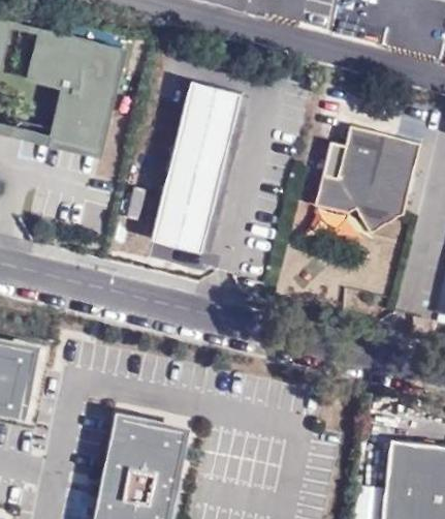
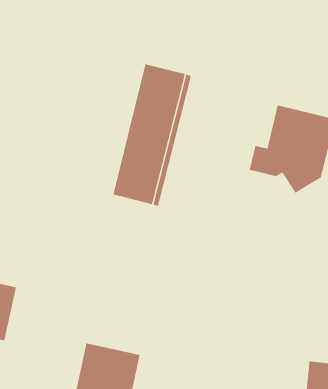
building: [27,27,120,150] -> none

